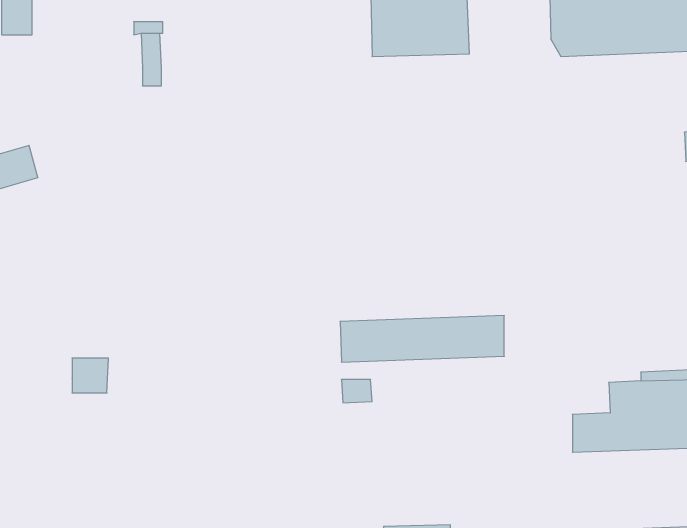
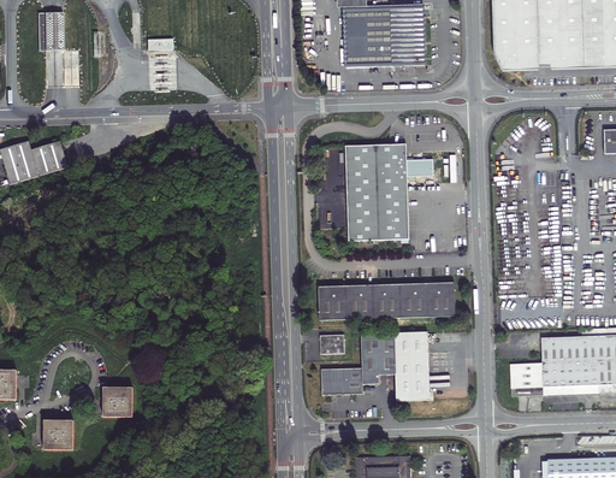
building: none -> [345,144,433,241]
building: [72,358,108,393] -> [103,388,134,417]
building: none -> [321,331,431,401]
building: none -> [45,420,73,449]

